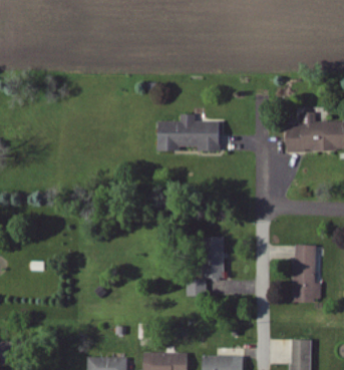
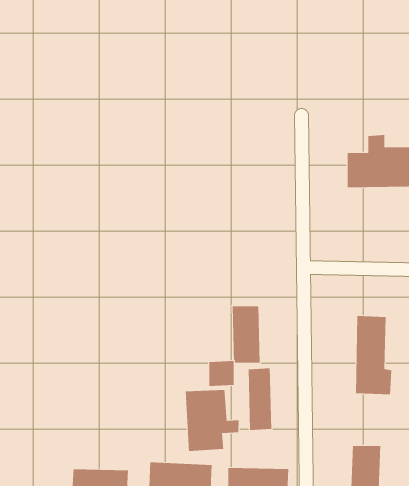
building: [159,113,222,150] -> none
building: none -> [248,368,272,431]
building: none -> [185,389,239,452]

